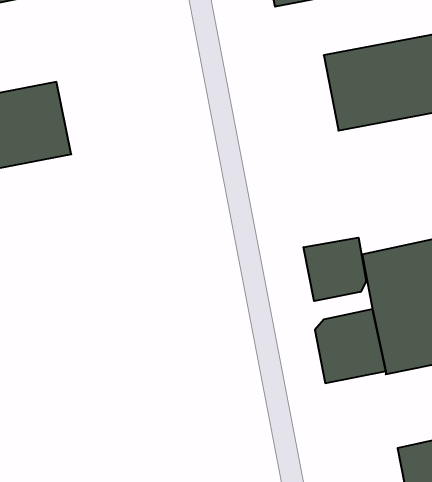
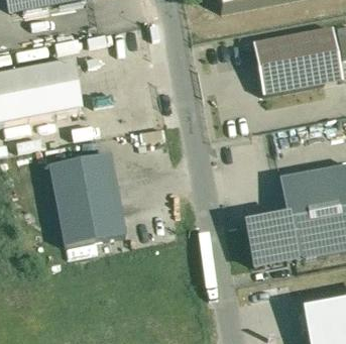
building: none -> [48,152,127,245]
building: [304,238,366,301] -> none

